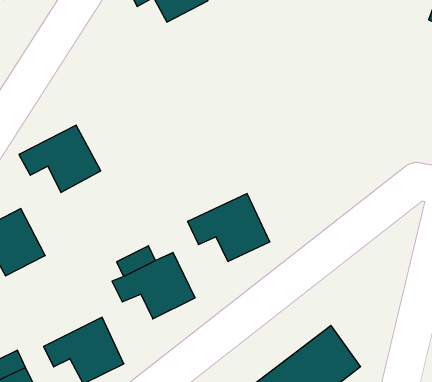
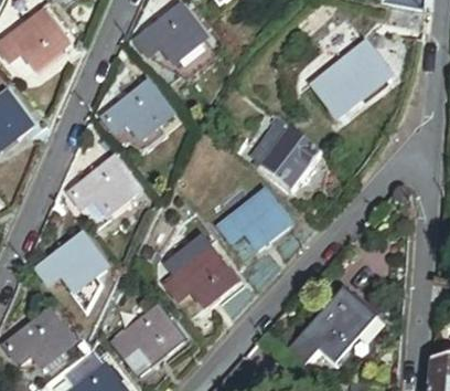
building: none -> [101,80,171,138]
building: none -> [313,46,392,119]
building: none -> [260,121,322,190]

